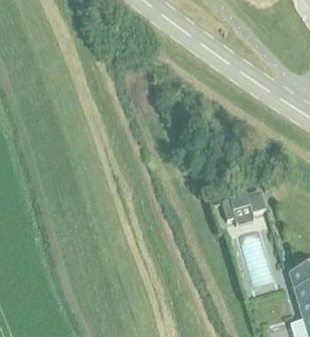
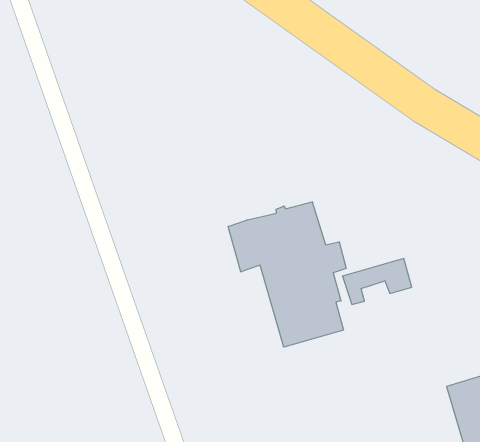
building: none -> [228,202,346,347]

